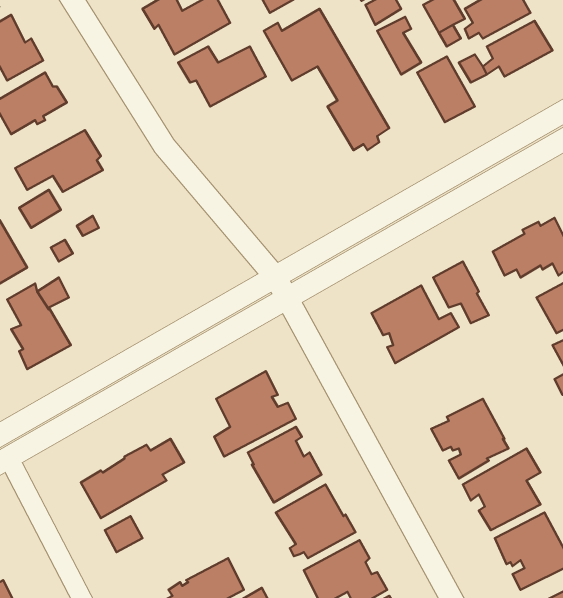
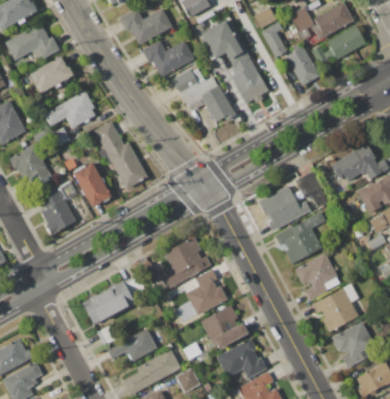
building: none -> [173,68,236,122]
building: none -> [95,121,149,188]
building: none -> [73,162,112,207]
building: none -> [275,211,326,264]
building: none -> [108,328,157,361]

